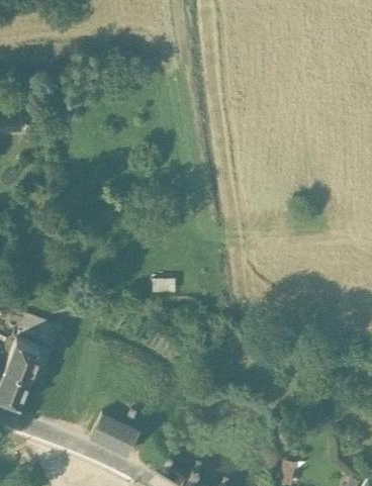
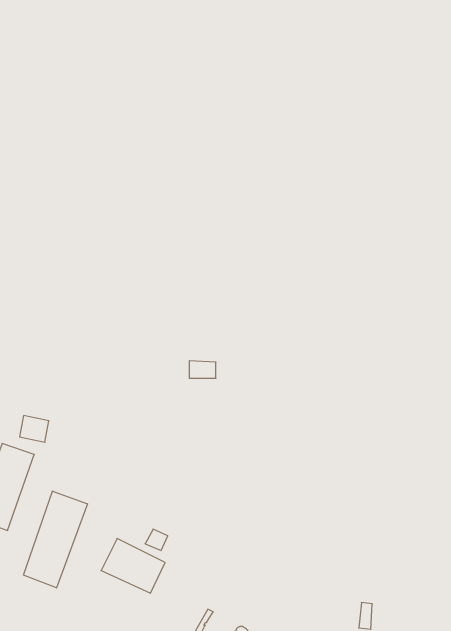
building: none -> [23,491,87,588]

